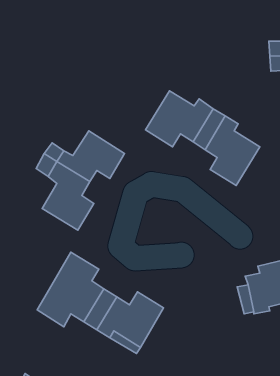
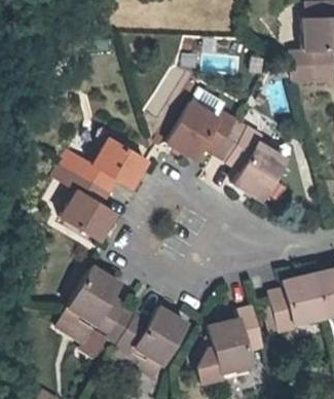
building: none -> [206,309,260,374]

